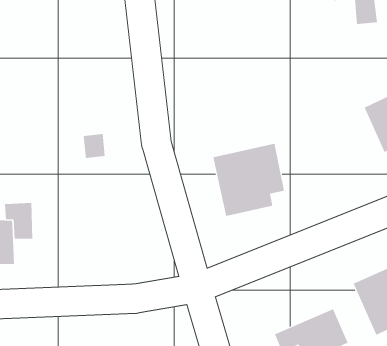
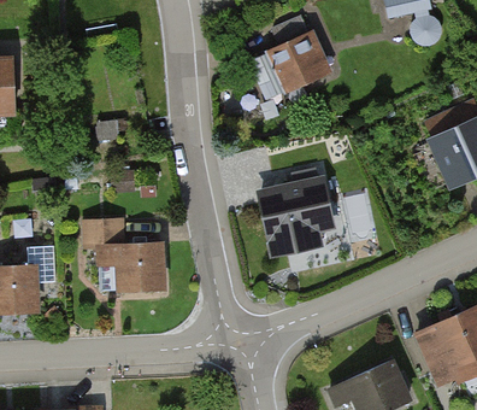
building: none -> [249,28,331,99]
building: none -> [81,218,161,292]

